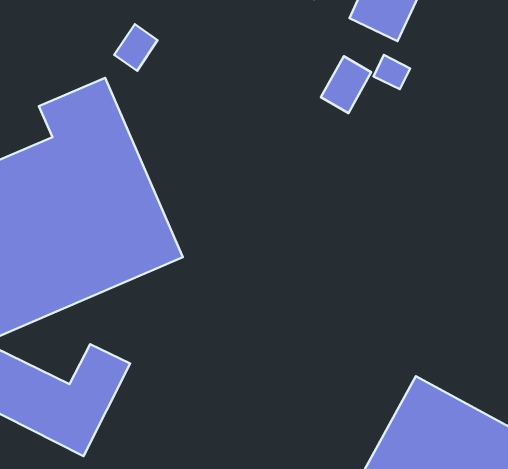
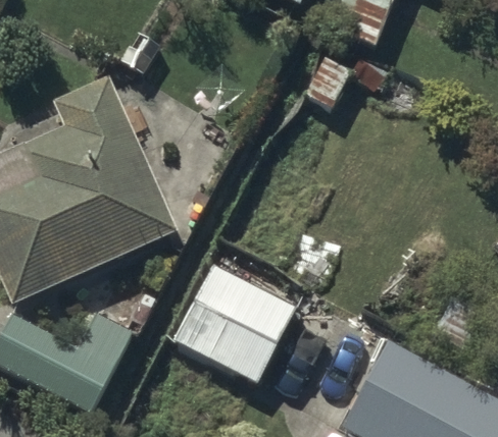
building: none -> [178,268,291,378]

